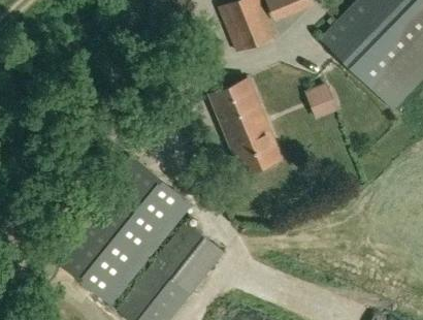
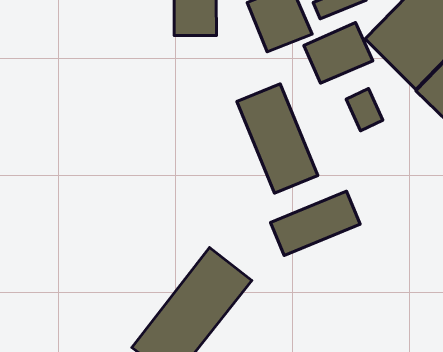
building: none -> [304,23,373,83]
building: [67,169,190,301] -> none
building: none -> [270,191,360,255]

